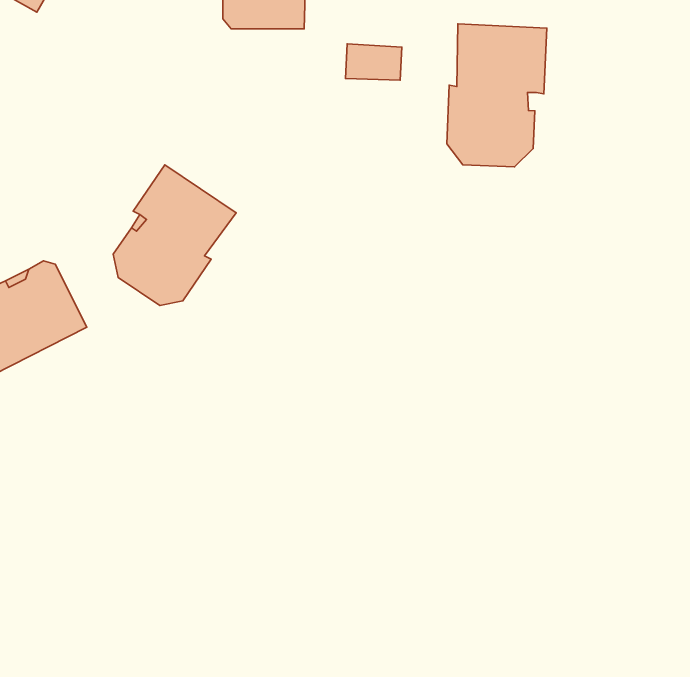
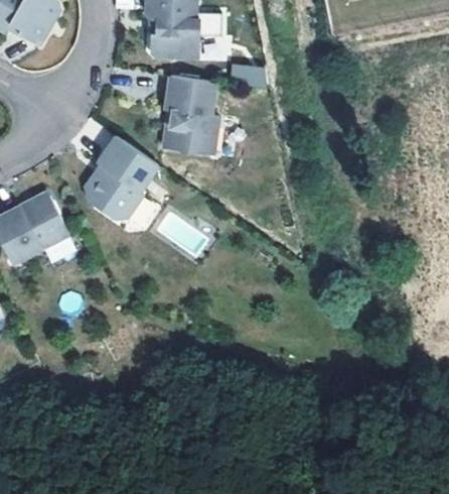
building: [447,24,547,167] -> none
building: none -> [164,75,219,153]

